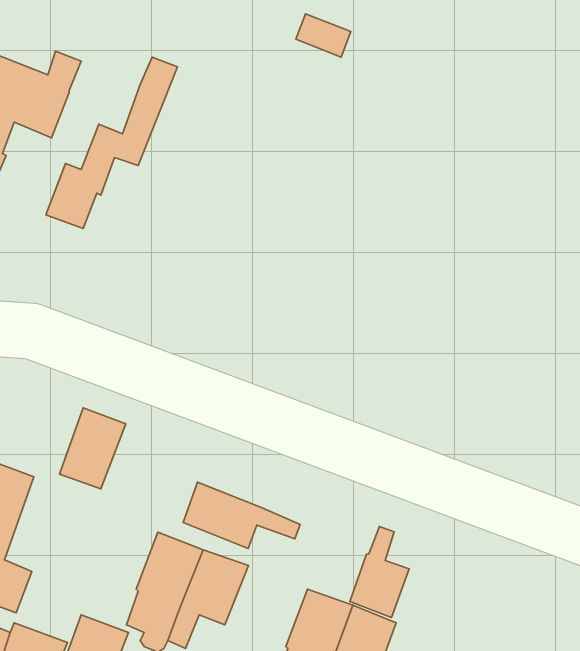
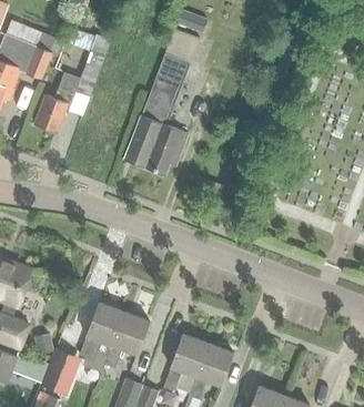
building: none -> [123,53,191,174]
building: [60,408,126,489] -> none
building: [183,482,300,549] -> none
building: [350,527,409,618] -> none

